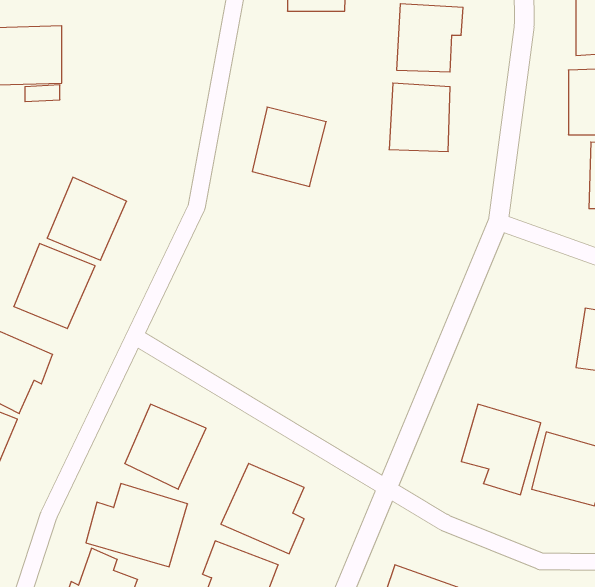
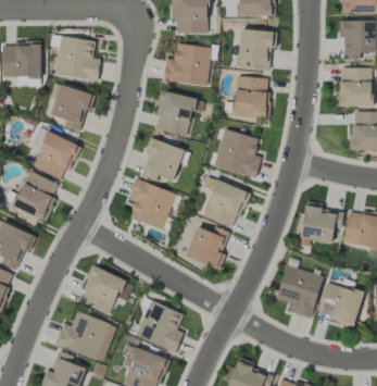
building: none -> [54,36,101,80]
building: none -> [164,43,211,86]
building: none -> [51,85,96,130]
building: none -> [214,129,261,178]
building: none -> [140,139,185,180]
building: none -> [202,176,249,228]
building: none -> [128,179,176,229]
building: none -> [302,202,343,242]
building: none -> [186,226,230,270]

